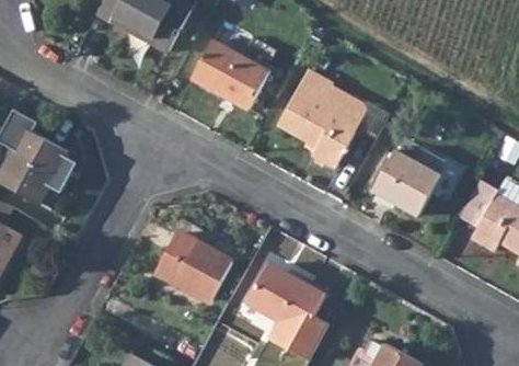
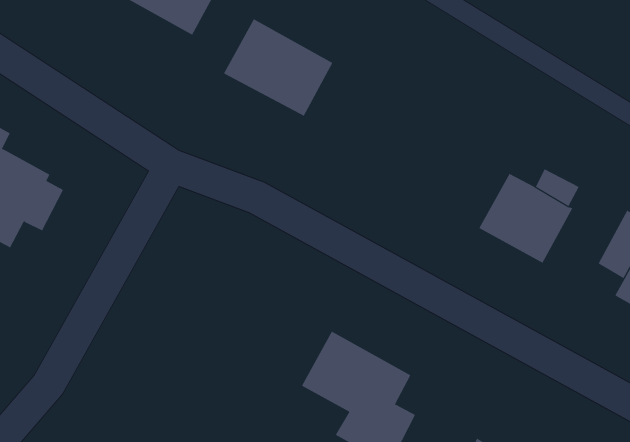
building: [276,69,366,169] -> none
building: [154,231,232,300] -> none

